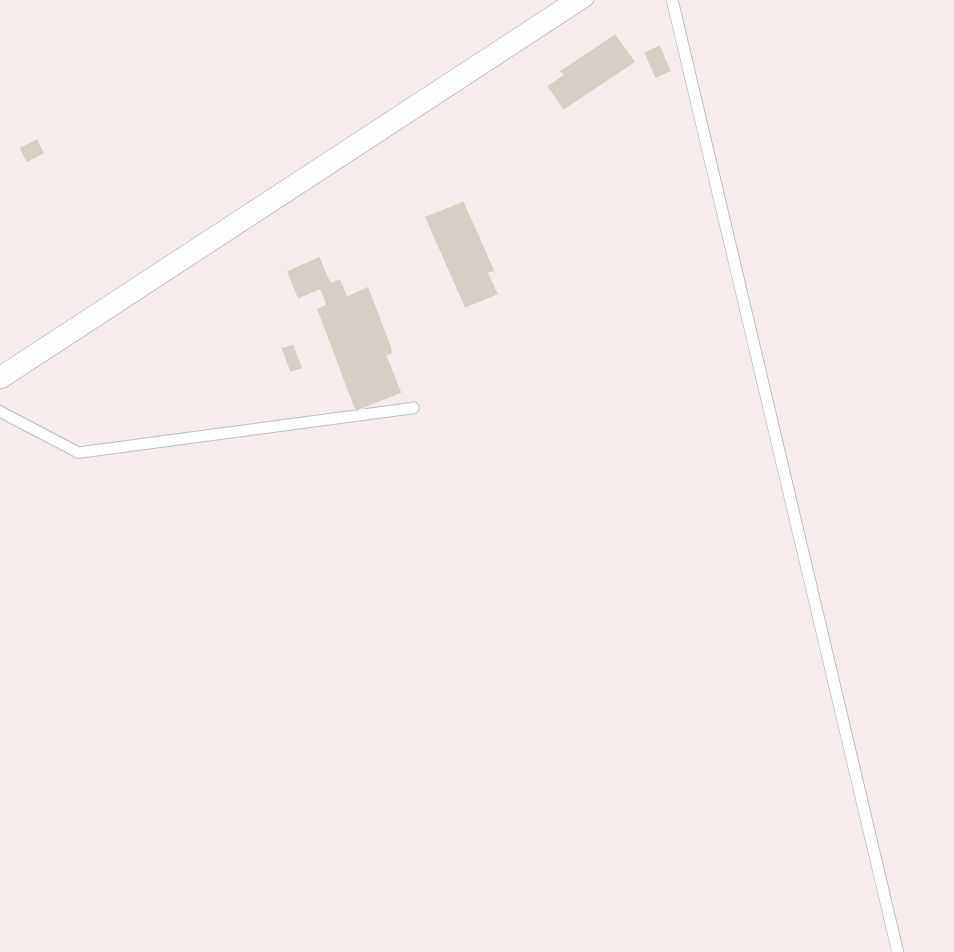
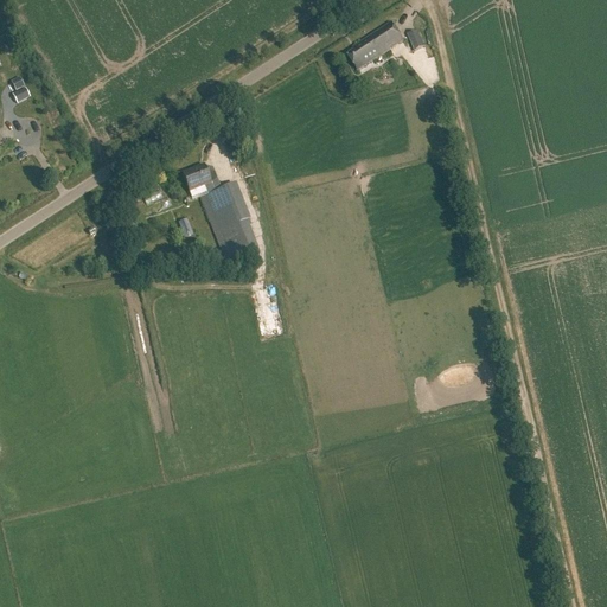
building: [424,201,498,309] -> none

